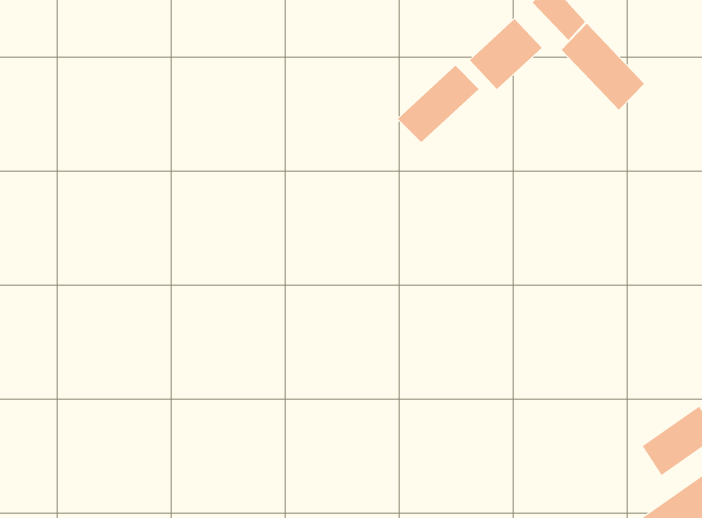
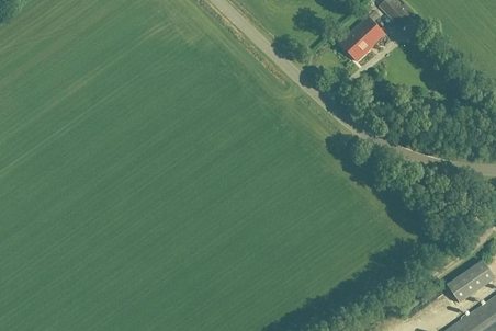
building: [561,23,645,111] -> none
building: [397,65,479,143] -> none

